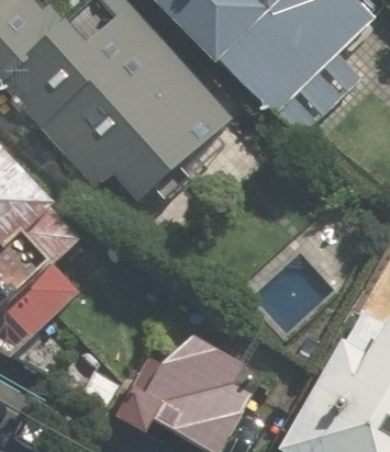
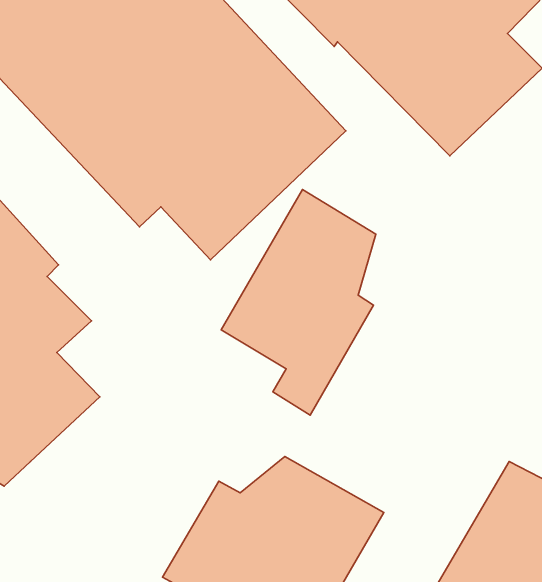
building: none -> [221,190,376,415]

